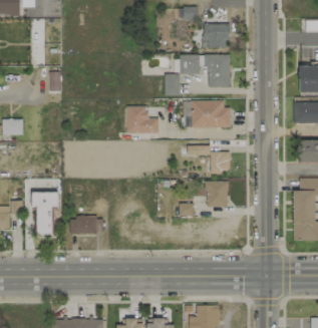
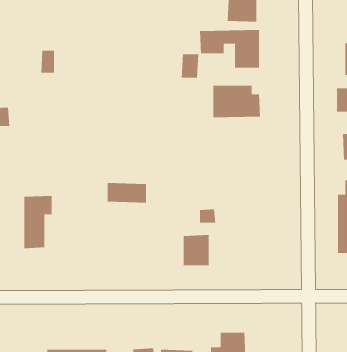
building: [126,106,158,132] -> none
building: [187,145,230,172] -> none
building: [206,181,228,207] -> [183,234,209,266]
building: [70,217,103,234] -> [107,183,147,203]

